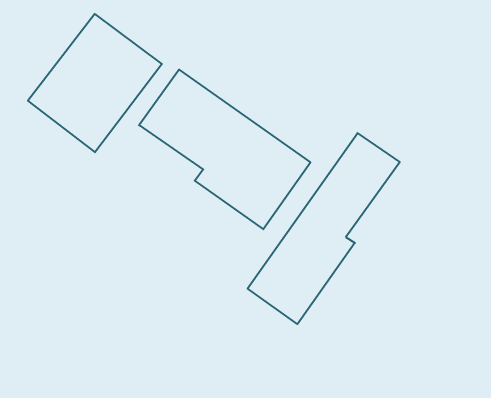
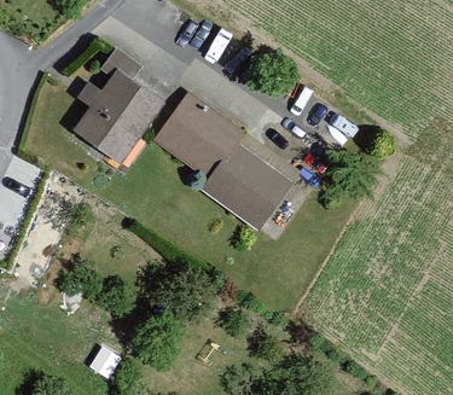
building: [248,133,400,324] -> none

